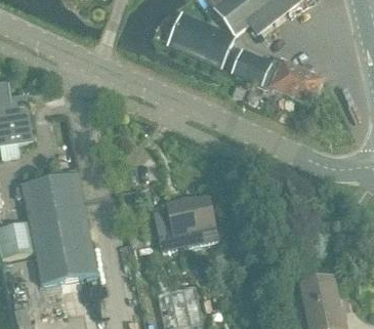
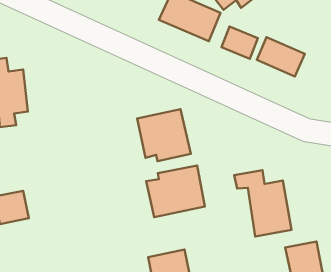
building: none -> [137,109,191,161]
building: [23,173,97,285] -> none
building: none -> [234,170,292,237]

